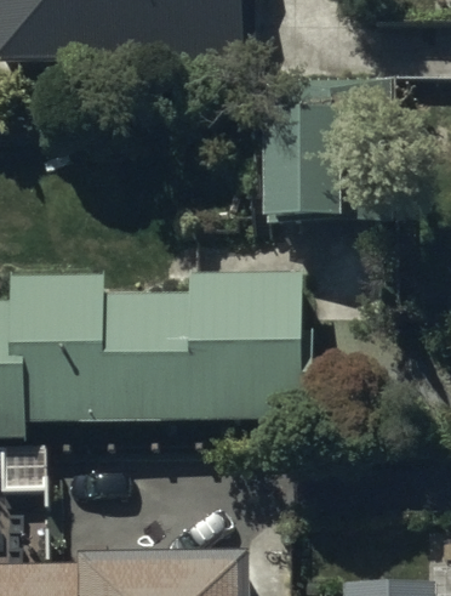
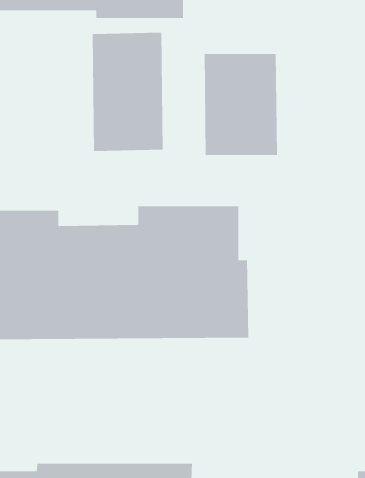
building: none -> [92,32,163,152]

